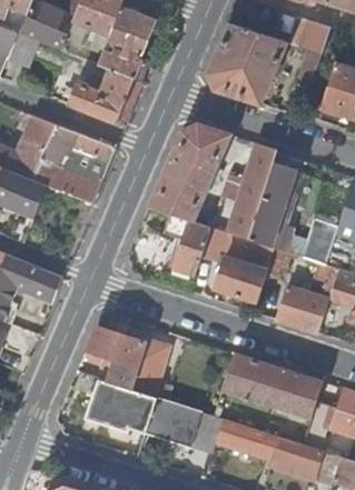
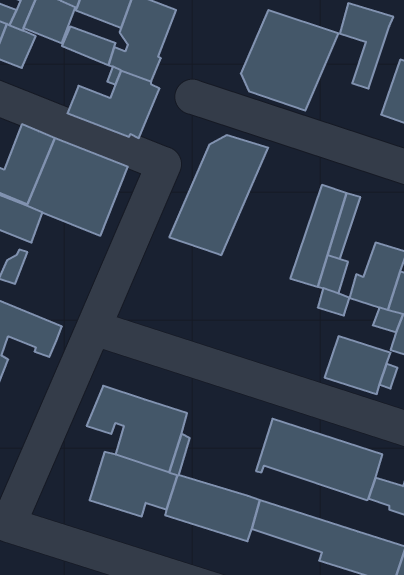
building: [226,142,277,239] -> none
building: [171,219,210,276] -> none
building: [214,257,267,301] -> none

